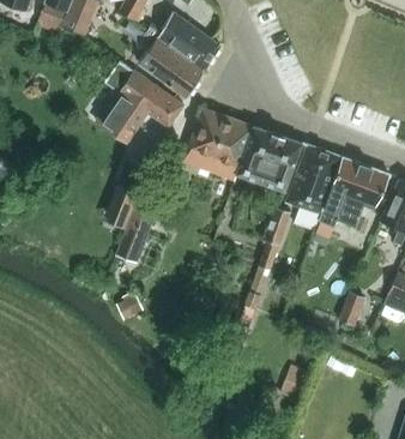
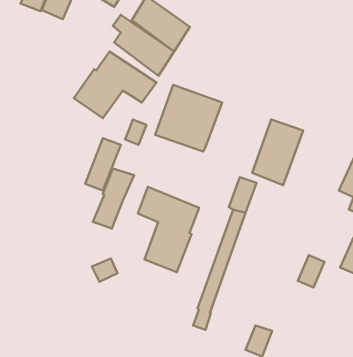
building: [237,127,303,192] -> none
building: [319,157,391,229] -> none
building: none -> [138,187,199,272]

